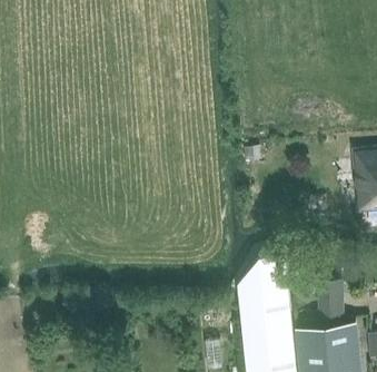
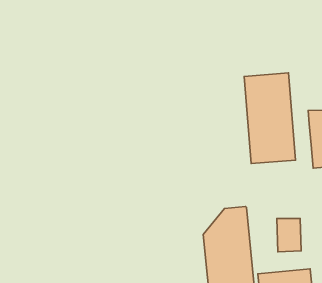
building: none -> [244,73,295,164]

